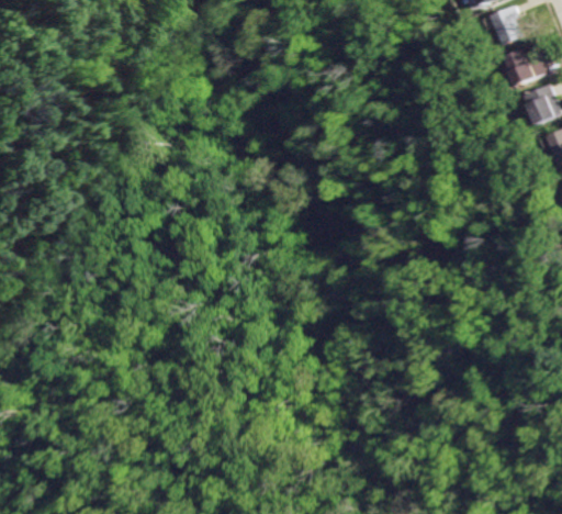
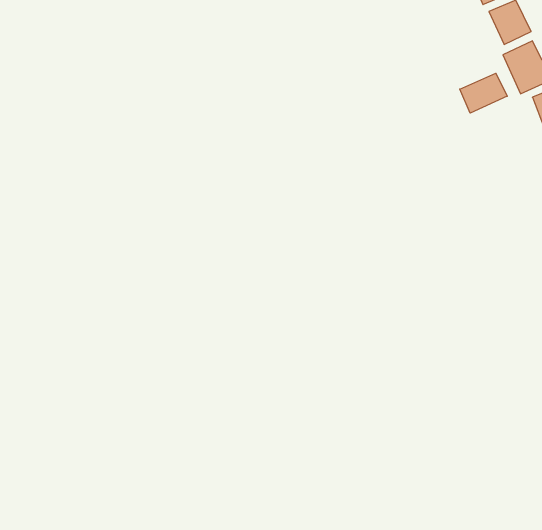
building: none -> [460,73,507,113]

